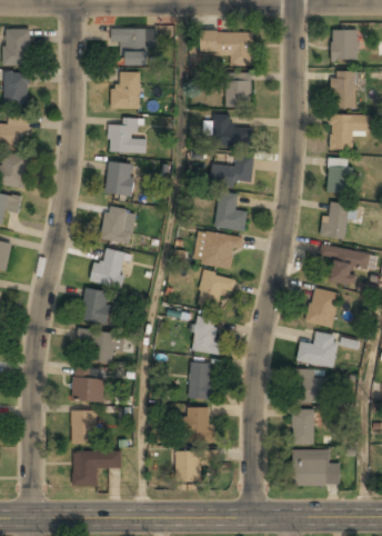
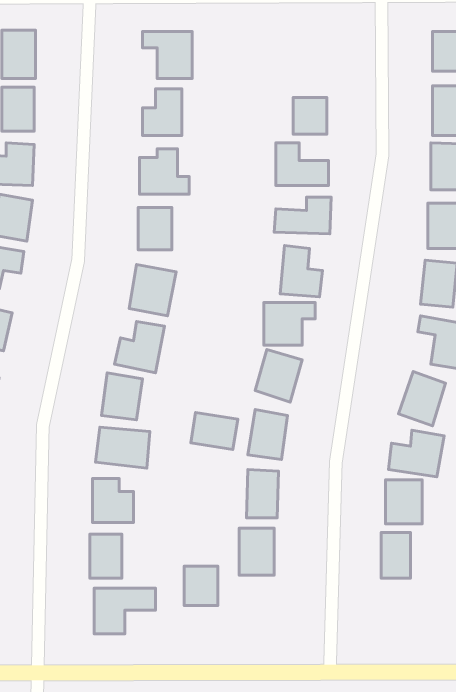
building: [201,32,253,66] -> none
building: none -> [191,412,238,450]
building: [292,449,340,486] -> none
building: [175,451,201,482] -> [184,566,218,606]

